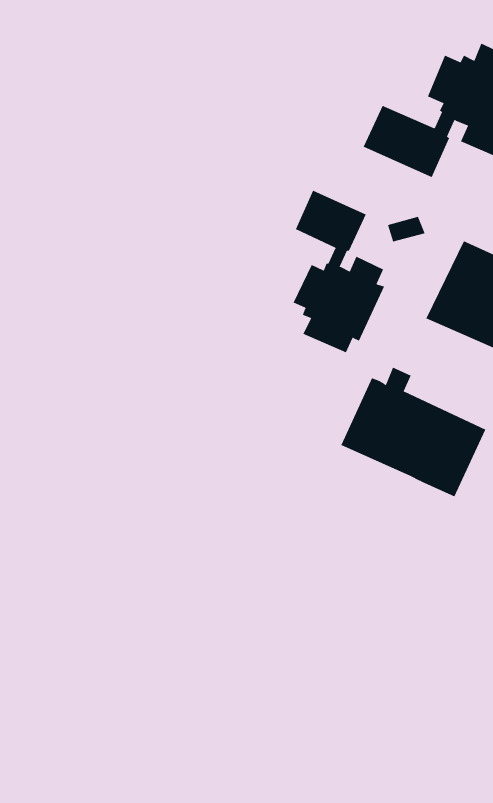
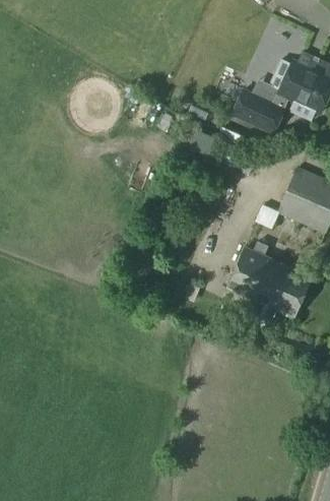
building: [293,190,385,353] -> none

